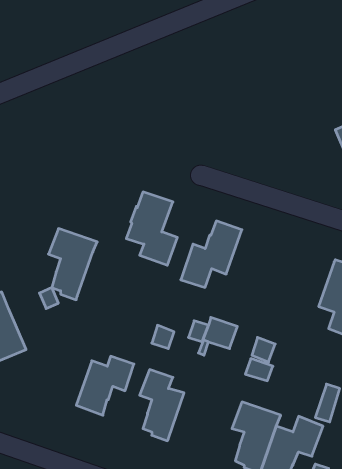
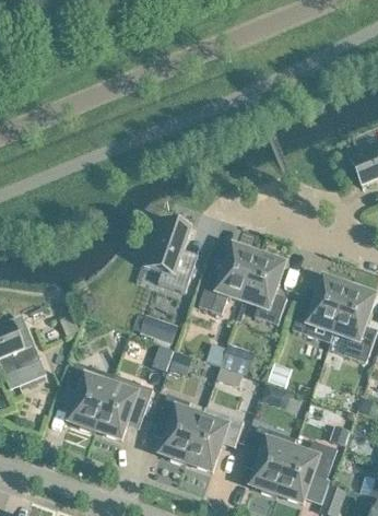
building: none -> [244,254,287,325]
building: [48,229,97,300] -> [68,363,116,433]
building: none -> [293,280,350,338]
building: none -> [140,315,178,343]
building: none -> [187,413,244,471]

